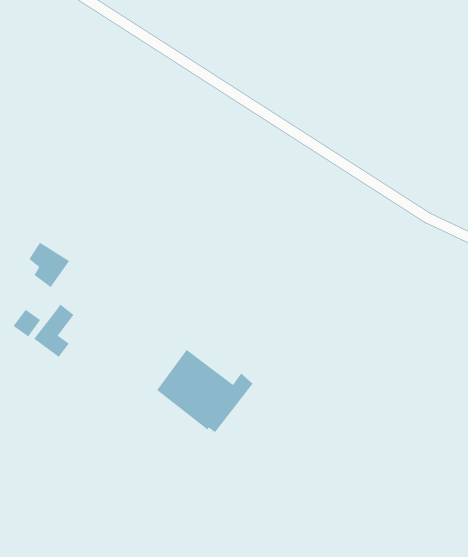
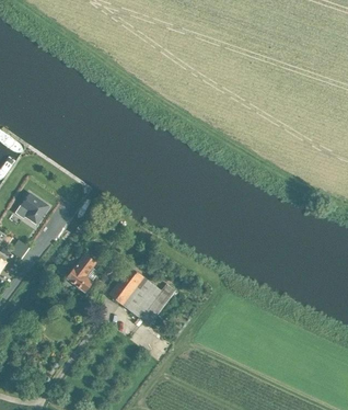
building: [33,304,75,358] -> [68,253,96,291]

